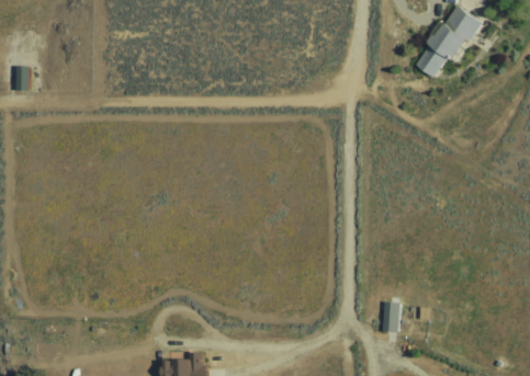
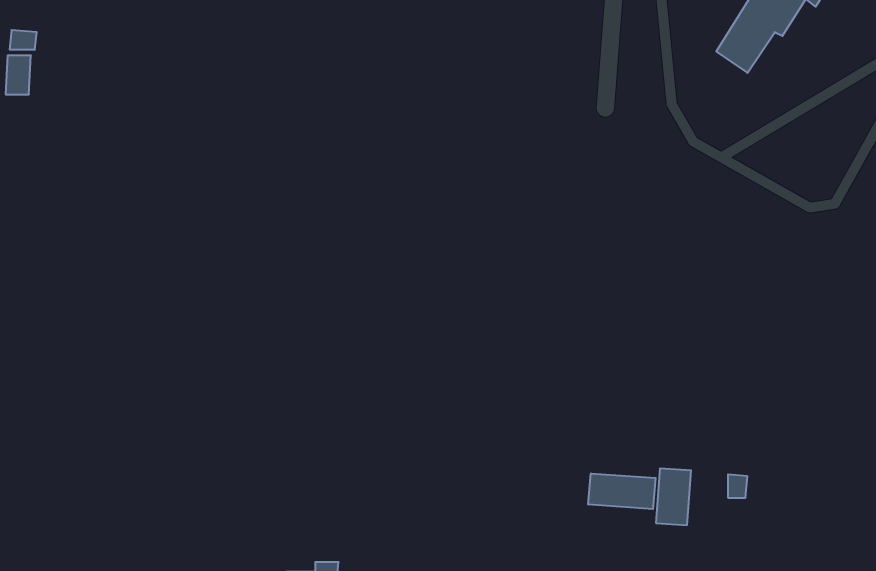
building: none -> [588,473,656,509]

